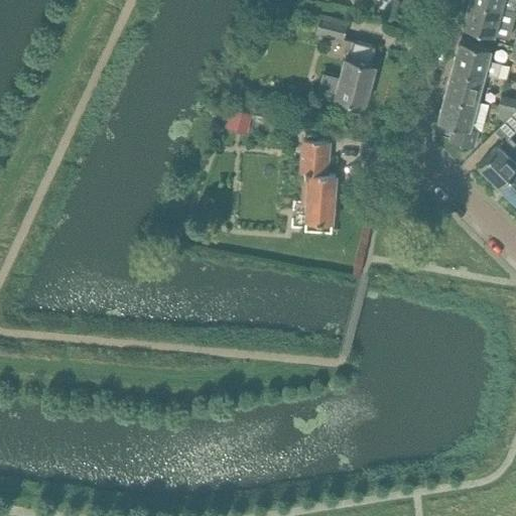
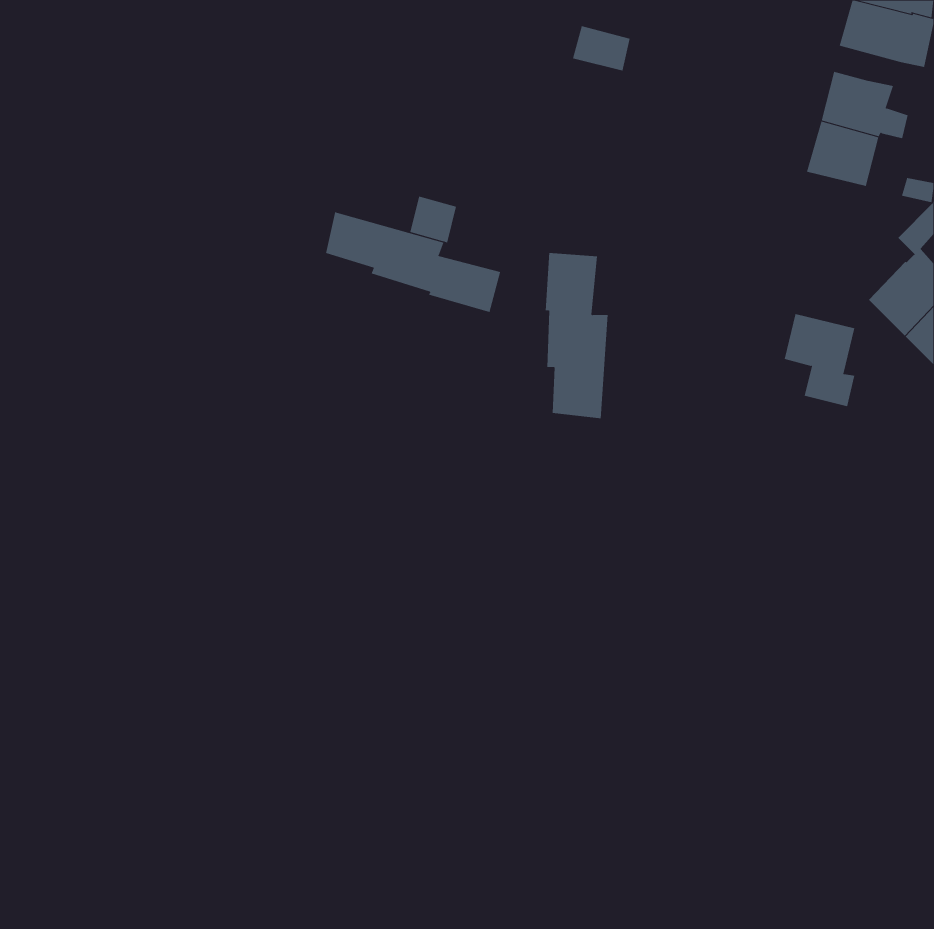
building: [317,42,376,108] -> none
building: [438,98,478,149] -> [784,313,855,407]
building: none -> [326,212,501,313]

